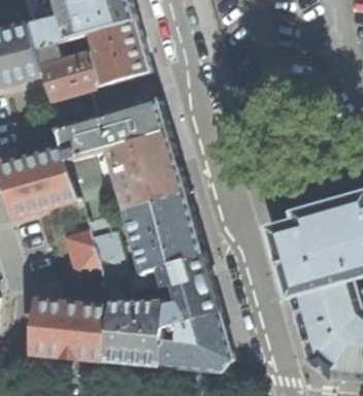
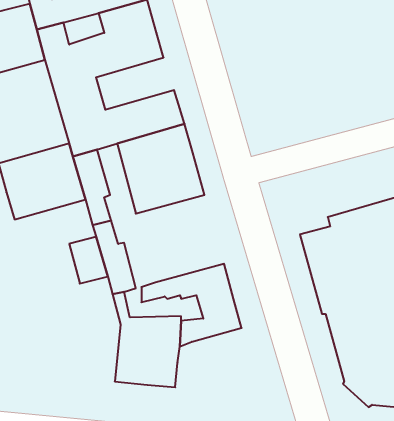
building: [122,195,200,272] -> none
building: [32,301,108,360] -> none
building: [157,312,230,371] -> none

